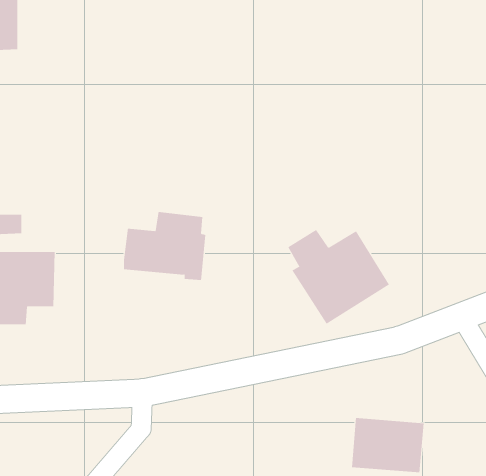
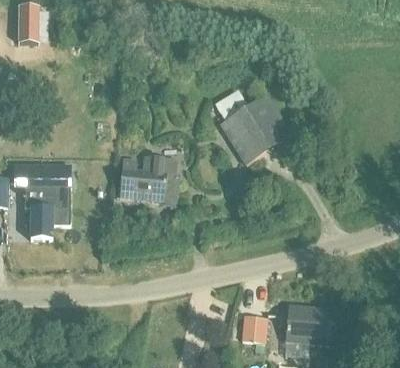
building: [287,229,390,325] -> [215,94,289,163]
building: none -> [240,316,265,343]

